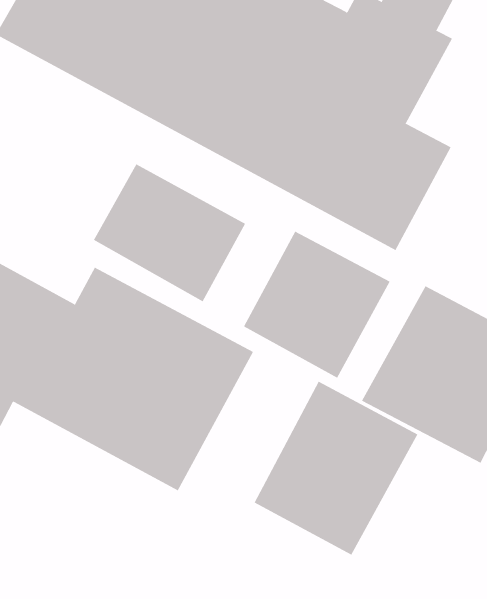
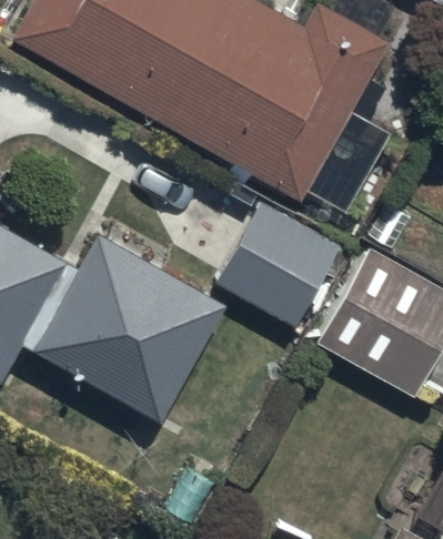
building: [93,164,246,302] -> none
building: [254,381,418,556] -> none

